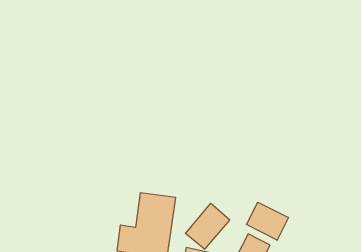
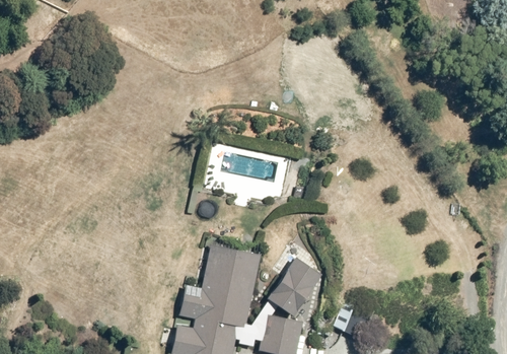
building: [246,202,288,240] -> none

